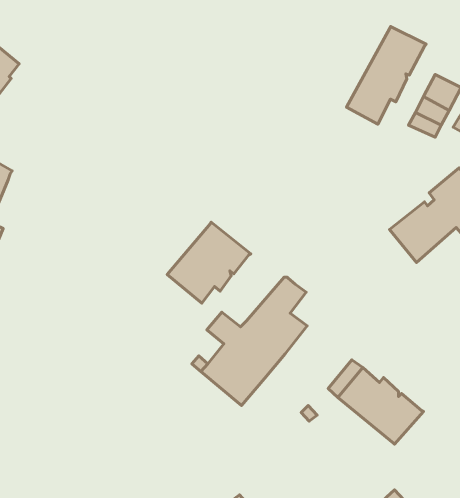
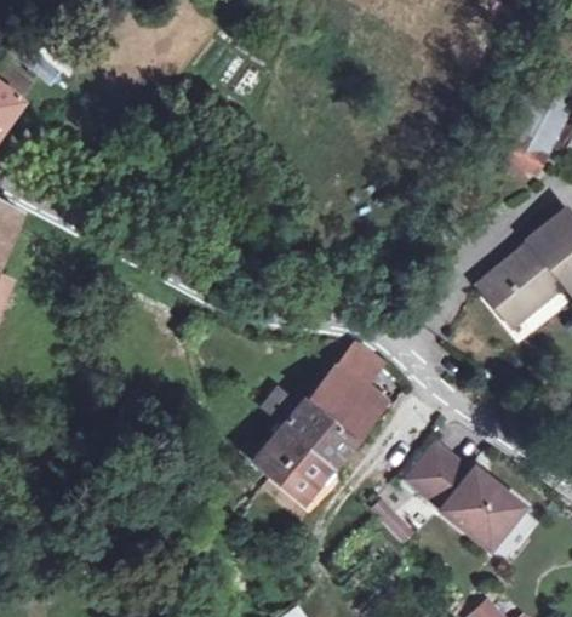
building: [346,26,426,124] -> none
building: [167,222,251,303] -> none

